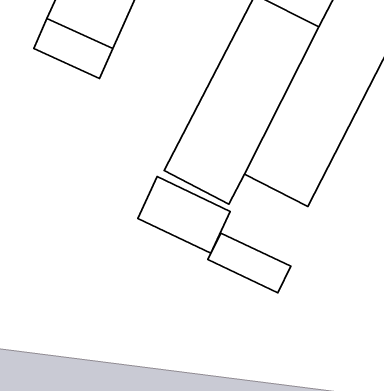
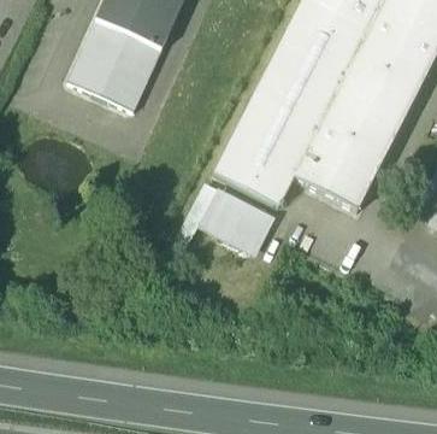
building: none -> [67,49,147,110]
building: [208,233,291,293] -> none

